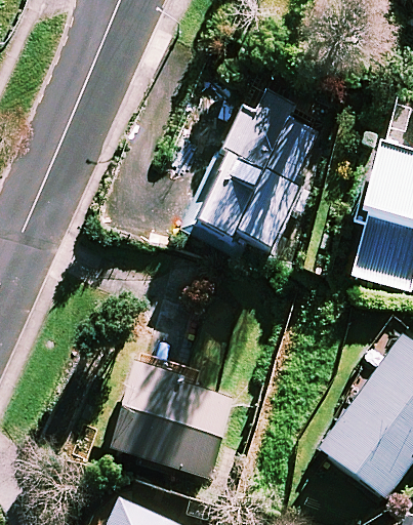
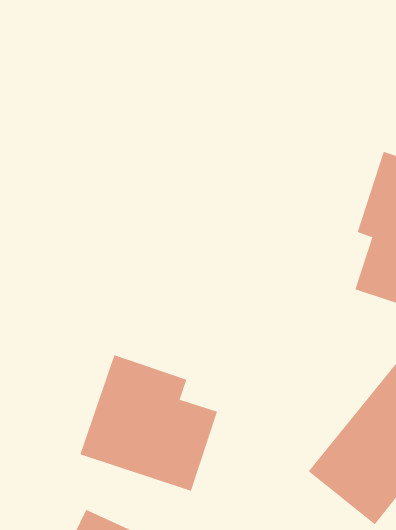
building: [193,85,323,248] -> none

